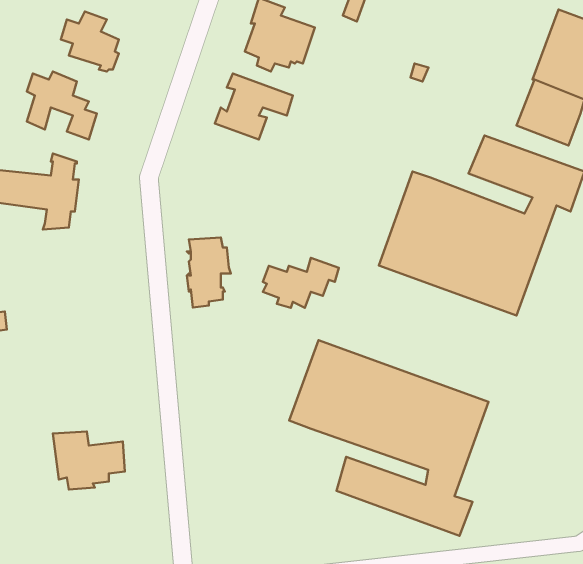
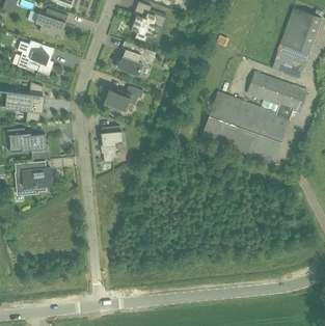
building: none -> [7,128,49,159]
building: [263,258,339,308] -> [103,85,142,111]
building: [289,340,489,536] -> none
building: [53,432,125,490] -> [15,163,52,193]

